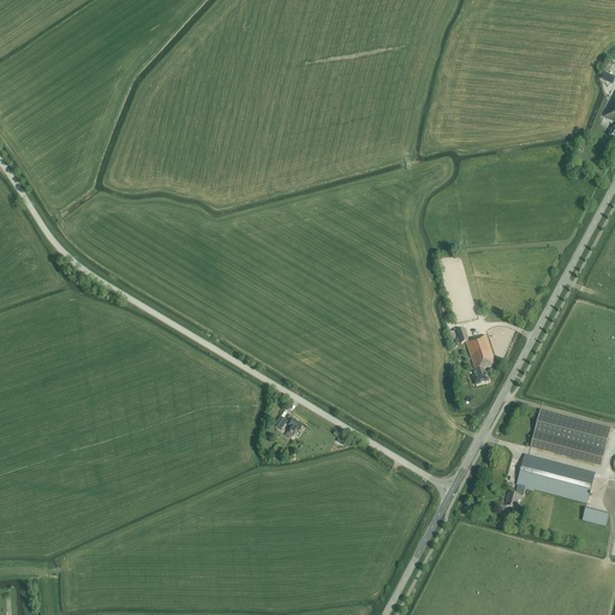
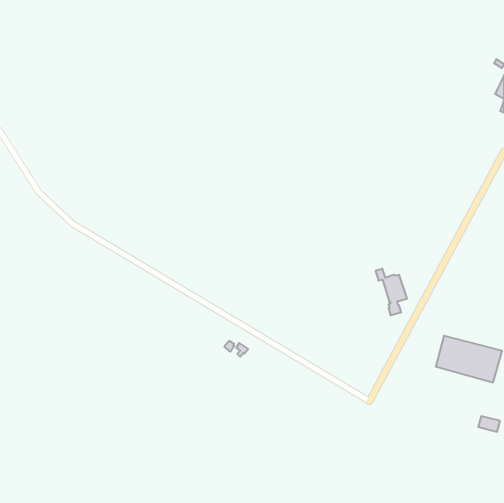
building: [504,453,593,507] -> none

